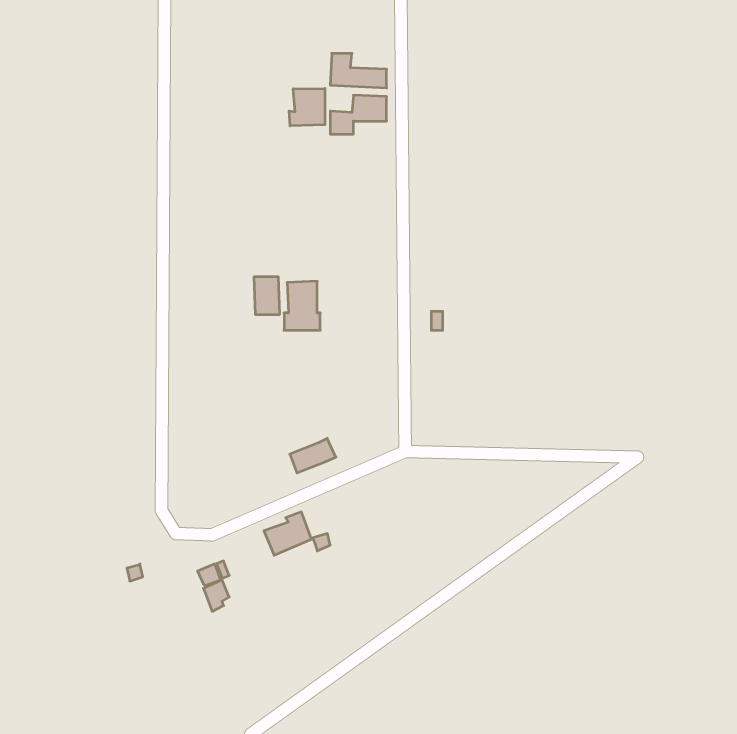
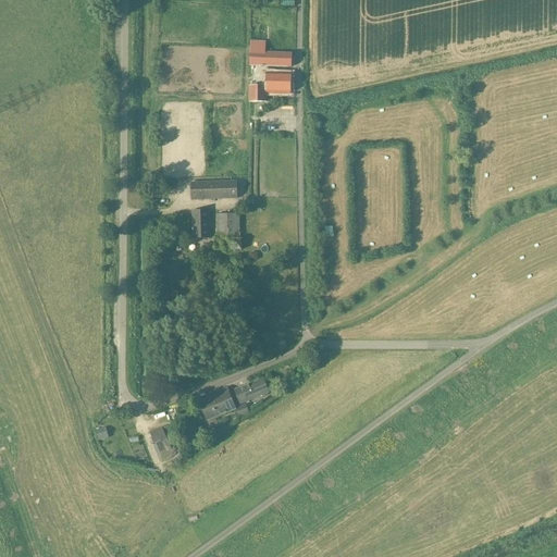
building: [289,88,325,126] -> none
building: none -> [190,178,237,199]
building: [290,438,336,473] -> [235,376,270,403]

